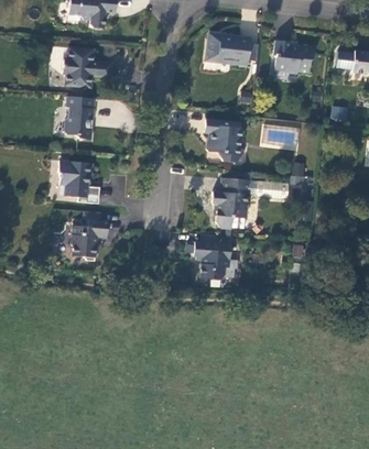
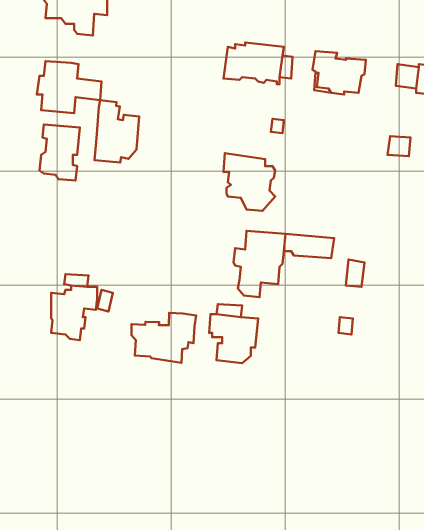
building: none -> [94,100,139,162]
building: [57,160,99,202] -> none
building: none -> [131,313,196,363]

